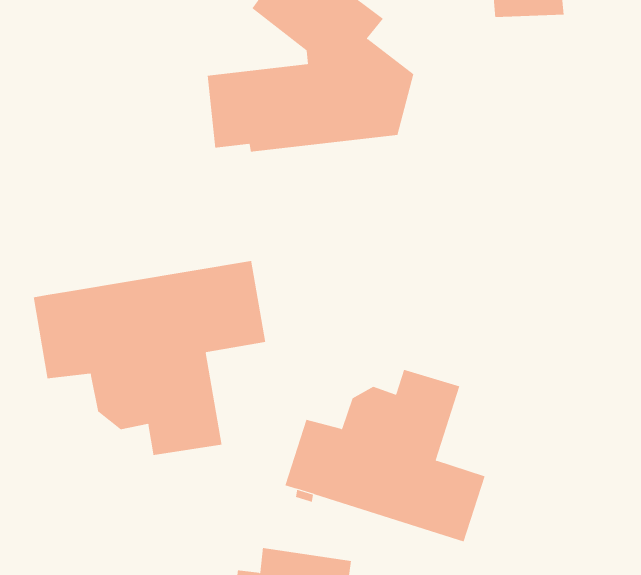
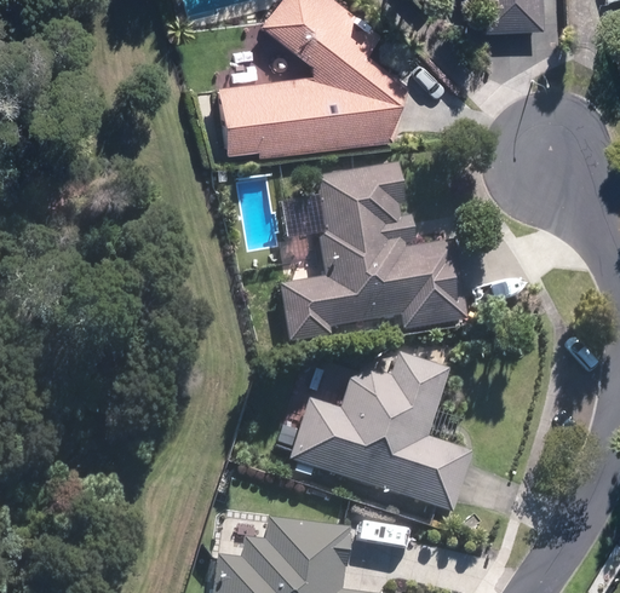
building: none -> [279,162,467,342]
building: [33,260,266,456] -> none

